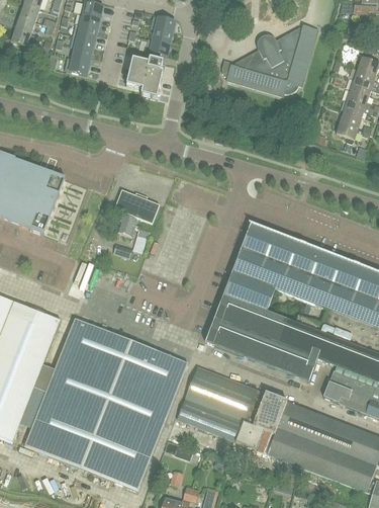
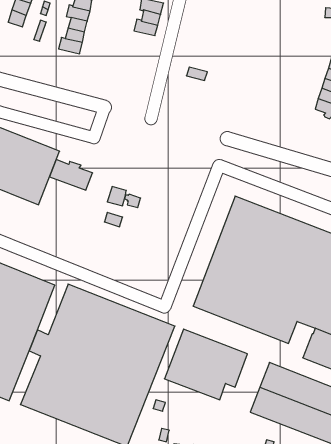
building: [220,24,317,95] -> none
building: [125,58,162,98] -> none
building: [113,189,159,222] -> [50,160,93,190]
building: [234,392,287,453] -> none

